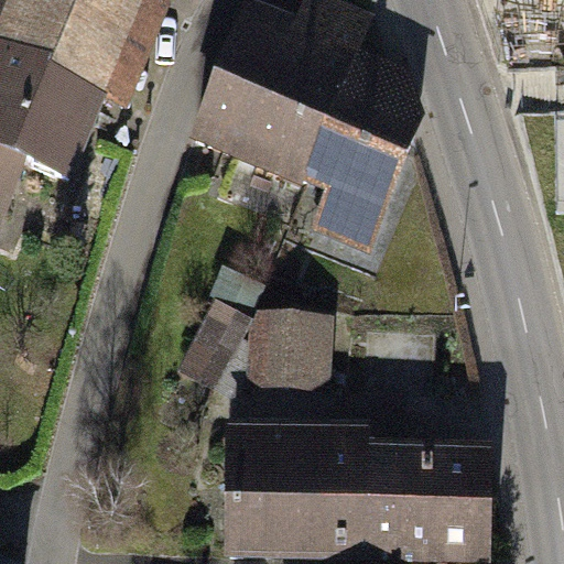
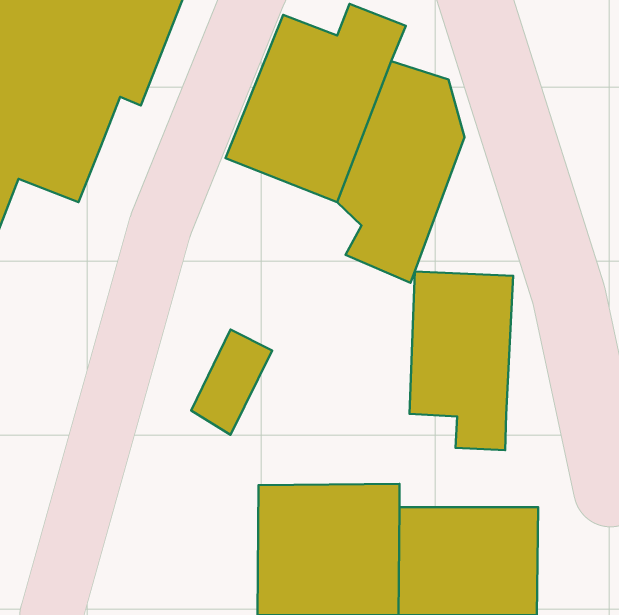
building: none -> [410,272,513,450]
building: [246,312,328,392] -> none

